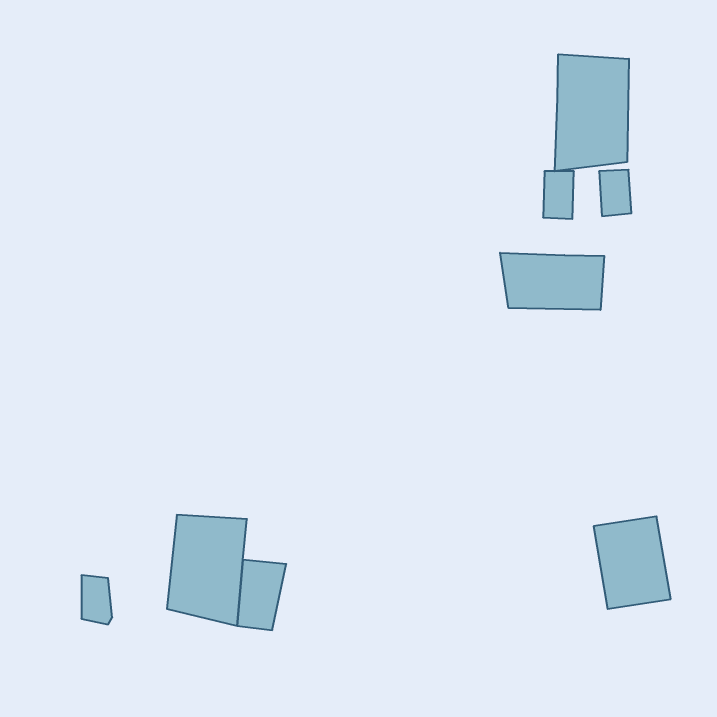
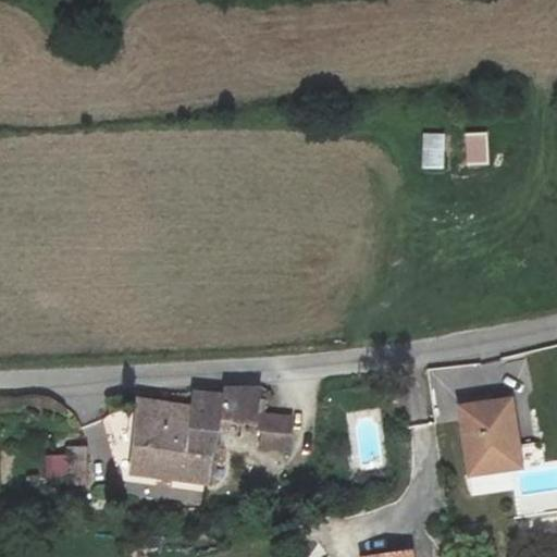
building: [555,54,629,171] -> none
building: [500,253,604,310] -> none
building: none -> [188,389,292,447]

